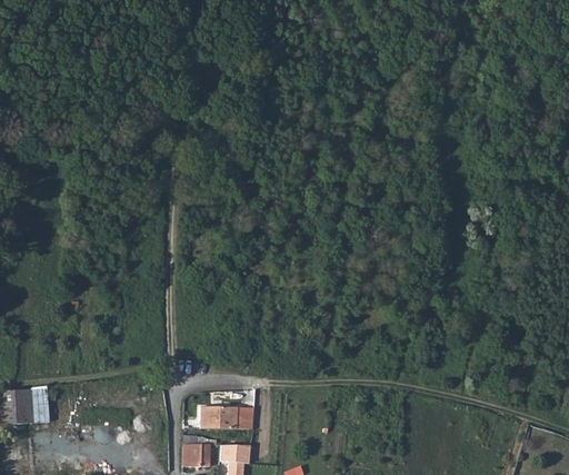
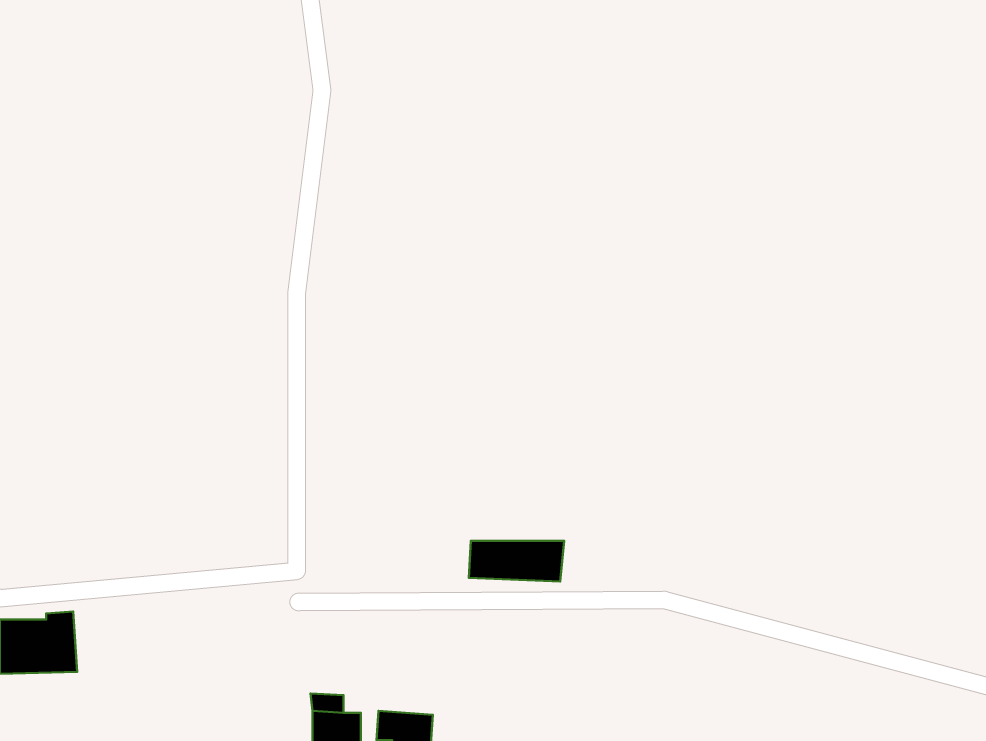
building: [199,407,253,431] -> [469,541,564,582]

